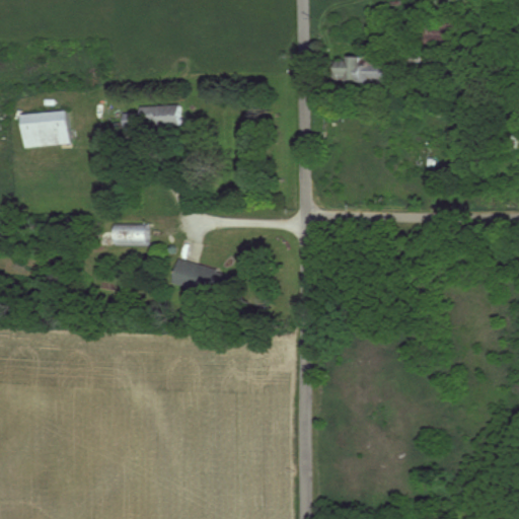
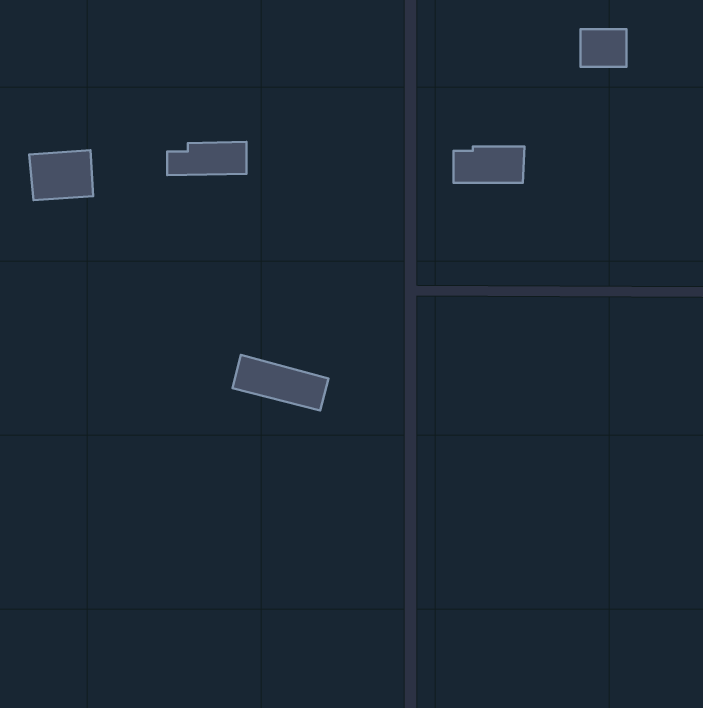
building: [329,56,381,82] -> [453,147,524,183]
building: [114,223,147,244] -> none

